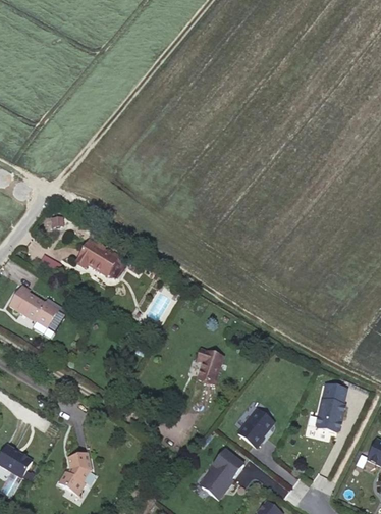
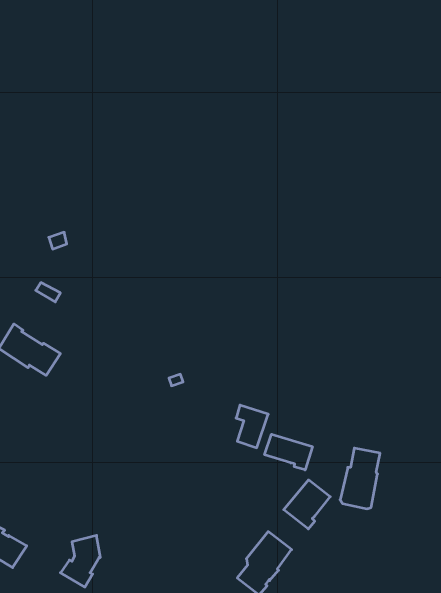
building: [77,241,124,278] -> none
building: none -> [265,434,312,470]
building: [314,384,345,432] -> [340,448,380,509]

